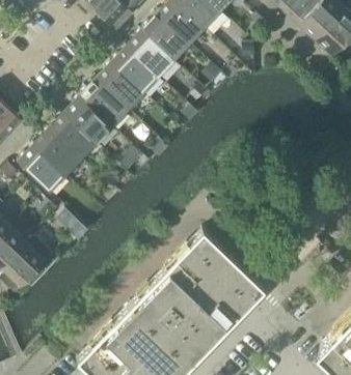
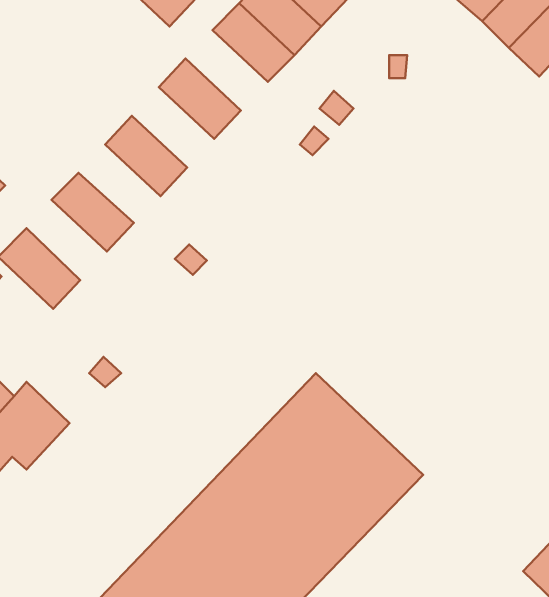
building: [126,31,173,78] -> none
building: [94,64,142,111] -> none
building: [63,97,111,143] -> none
building: [33,129,80,176] -> none

